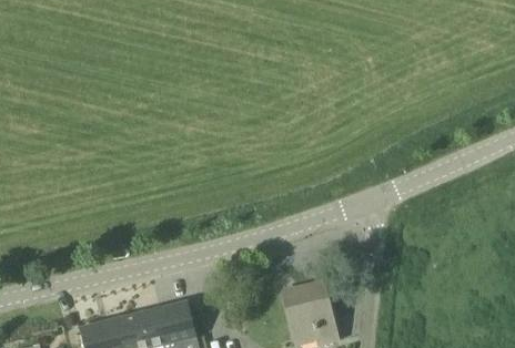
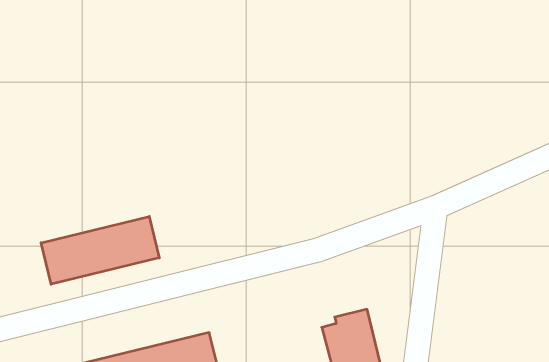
building: none -> [41,216,159,284]

